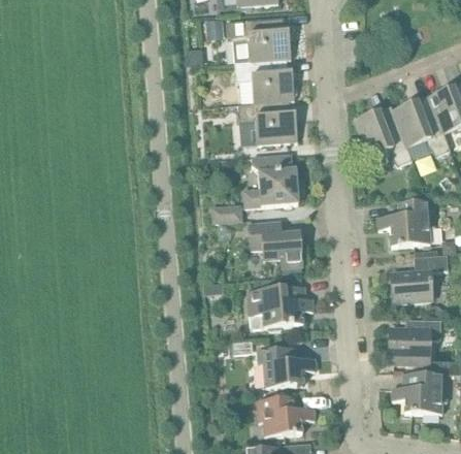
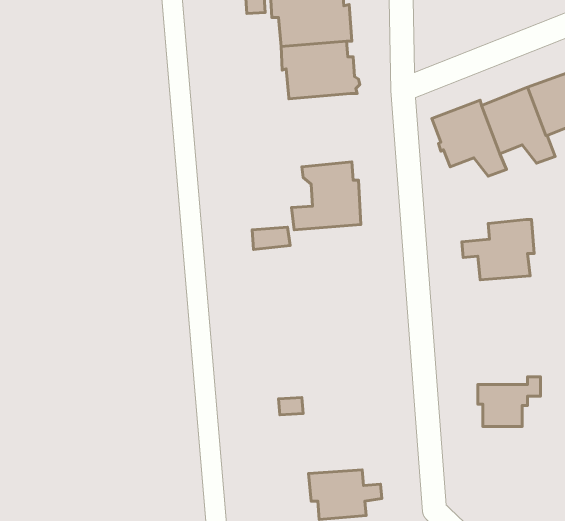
building: [238,100,298,144] -> none
building: [249,221,303,267] -> none
building: [391,254,449,302] -> none
building: [248,286,314,330] -> none
building: [258,347,316,387] -> none
building: [392,372,448,414] -> none

